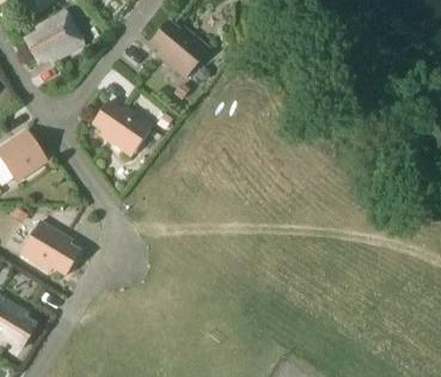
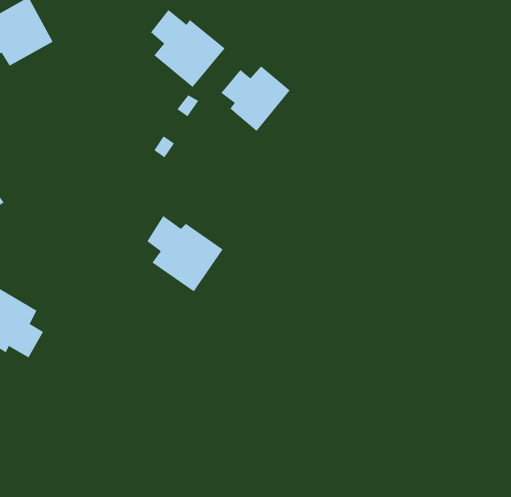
building: none -> [221,66,291,132]
building: [96,99,152,156] -> [147,215,224,292]

